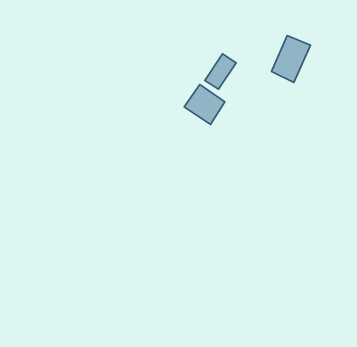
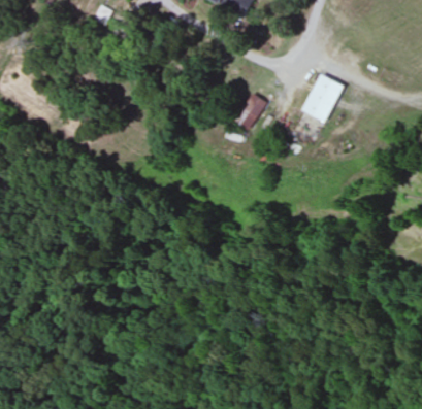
building: [184,84,225,124] -> none

